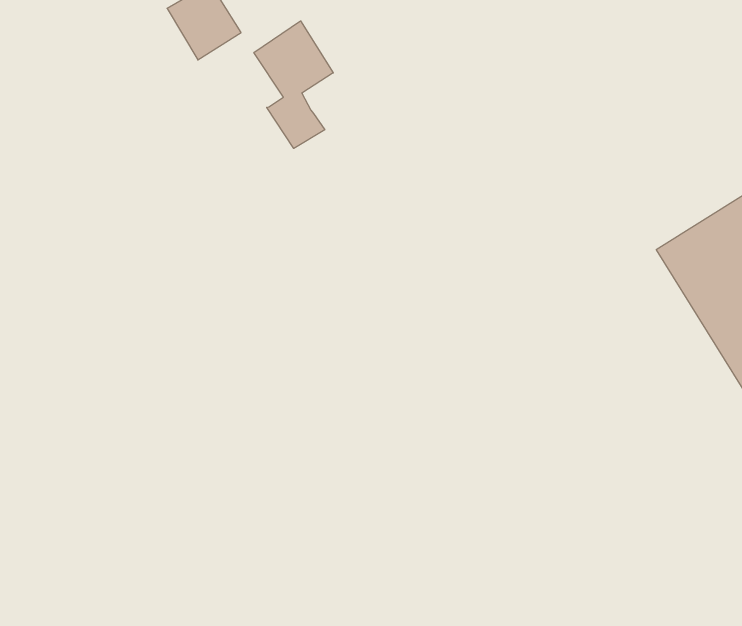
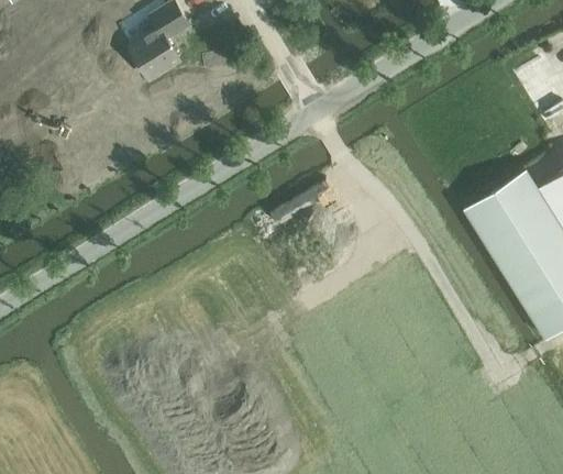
building: [254,21,333,148] -> none

